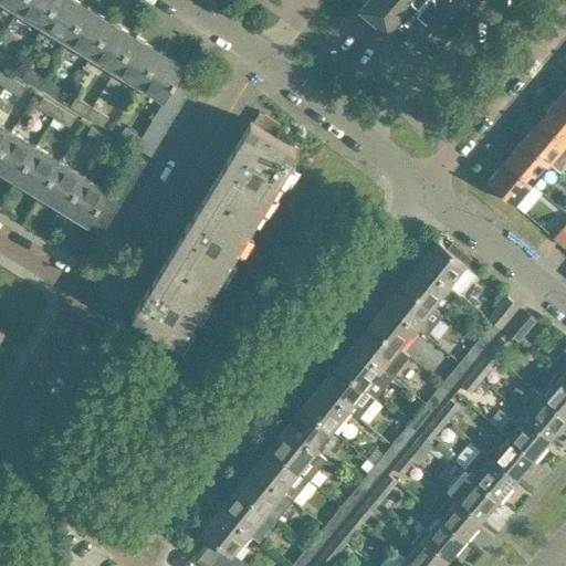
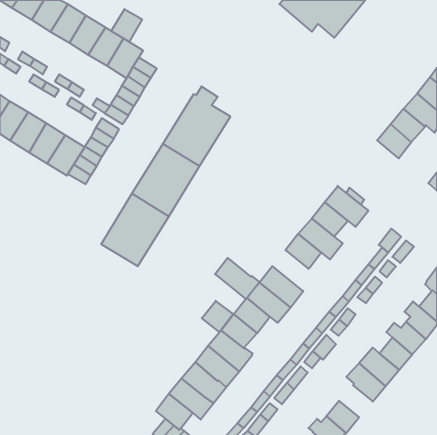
building: none -> [111,9,142,42]
building: [352,326,409,379] -> [215,258,260,299]
building: none -> [202,301,233,332]
building: [438,501,481,542] -> none

